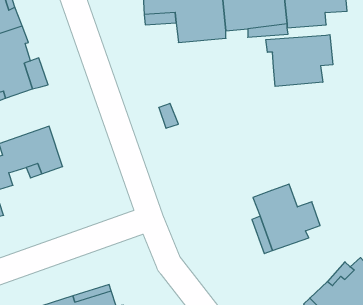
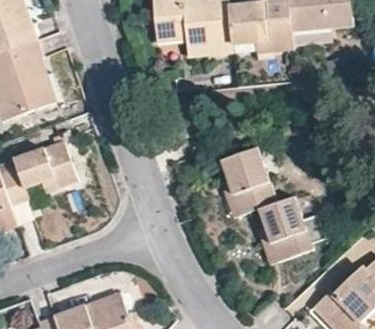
building: [266,35,333,86] -> none
building: none -> [221,148,278,214]

